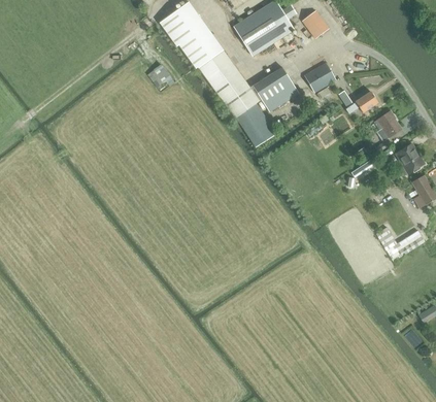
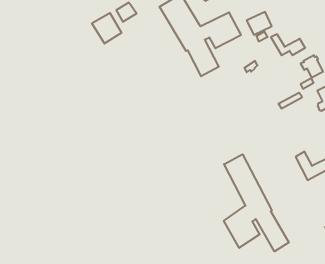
building: none -> [92,13,121,44]
building: none -> [224,154,289,251]

